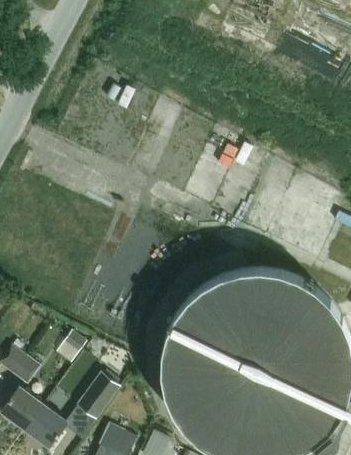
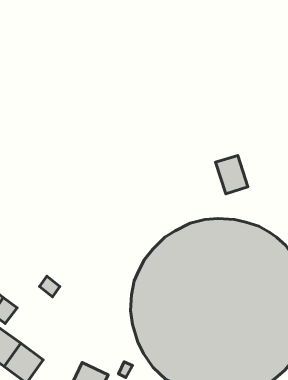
building: none -> [216,155,248,194]
building: [77,374,119,420] -> none

